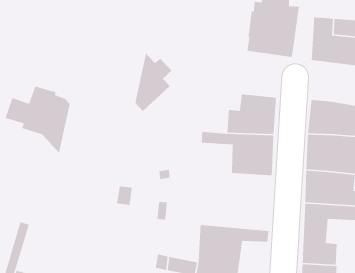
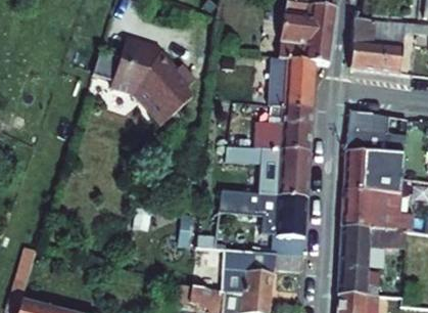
building: none -> [269,57,314,108]
building: [4,85,71,154] -> [92,38,165,115]
building: none -> [218,190,306,257]

